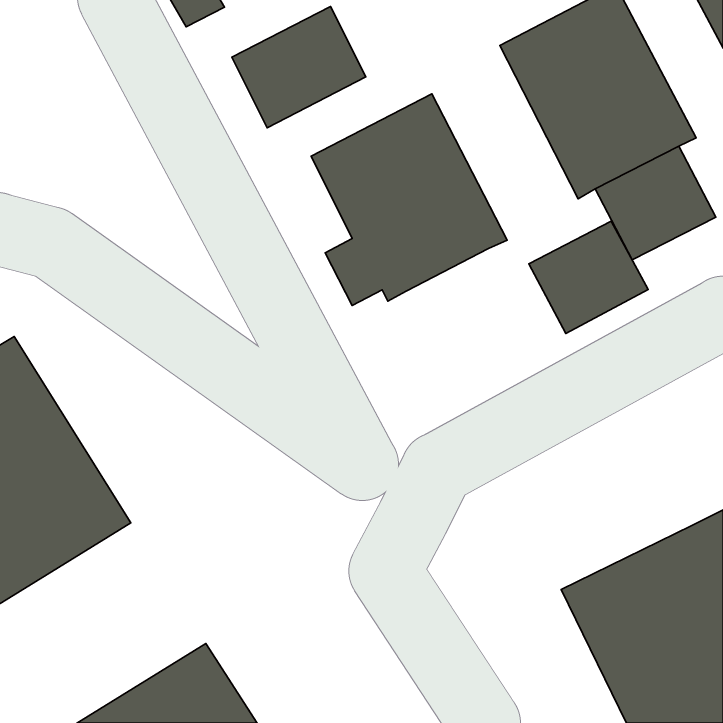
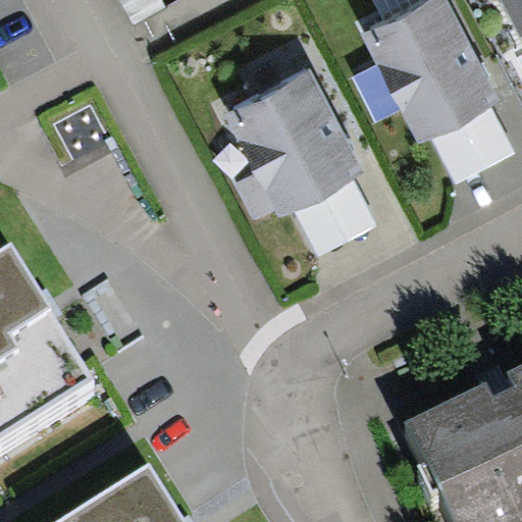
building: [232,6,366,128] -> none
building: [529,221,648,334] -> [292,178,377,259]

